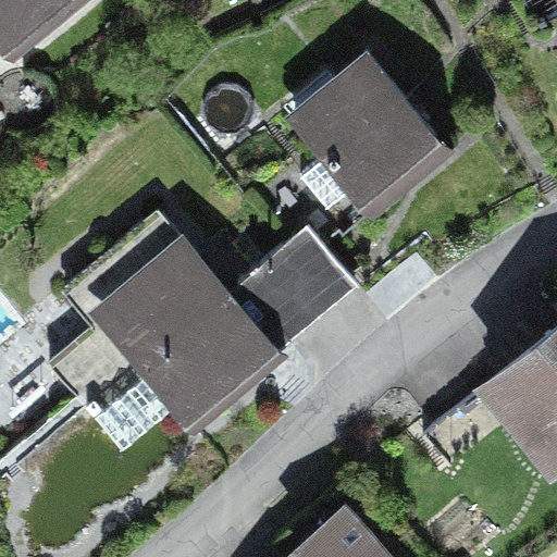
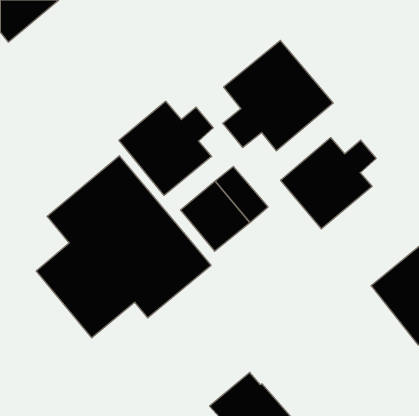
building: none -> [119,101,213,195]
building: none -> [281,138,376,229]

